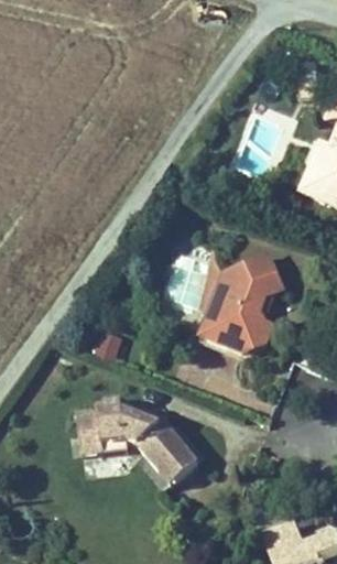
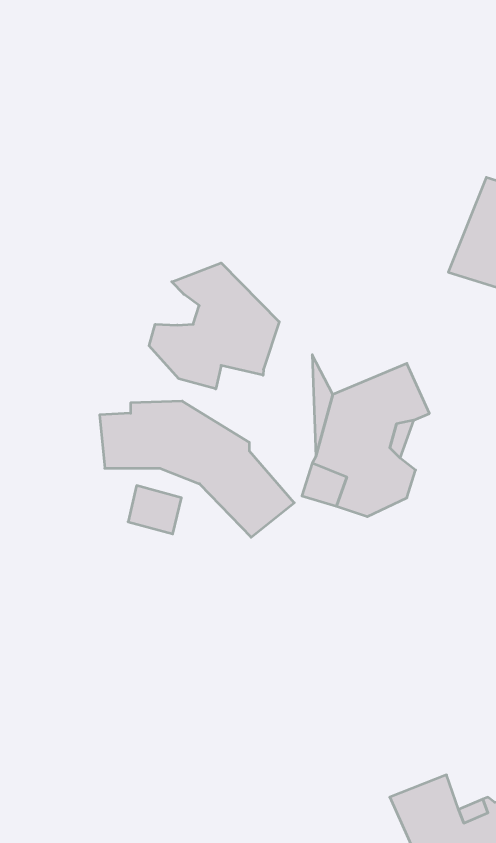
building: none -> [149,263,279,389]
building: [75,399,199,486] -> [100,401,294,537]

